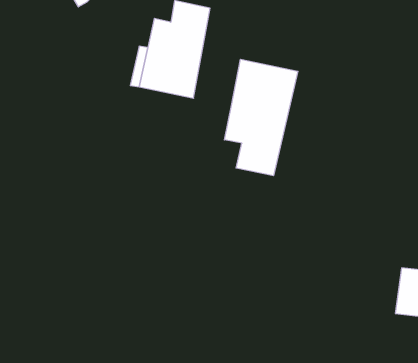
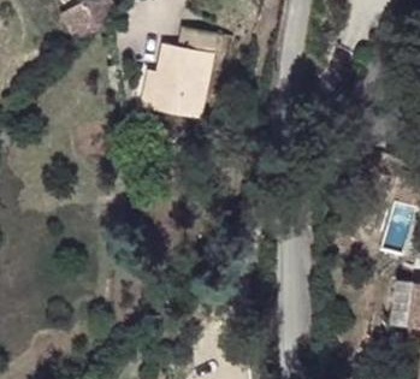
building: [224,59,298,176] -> none

